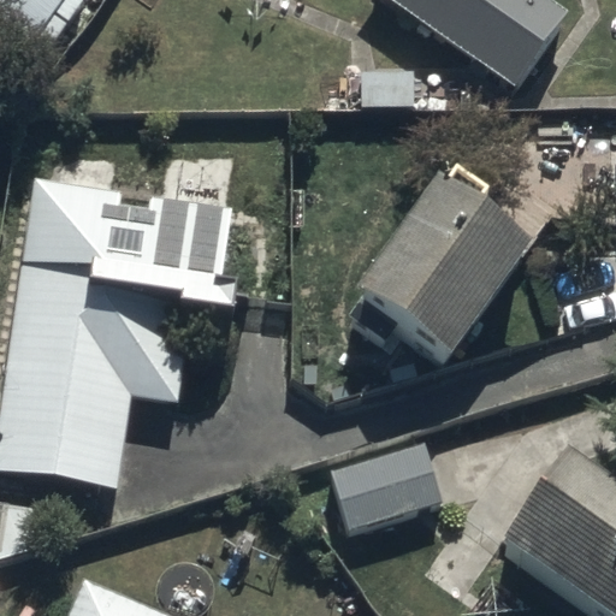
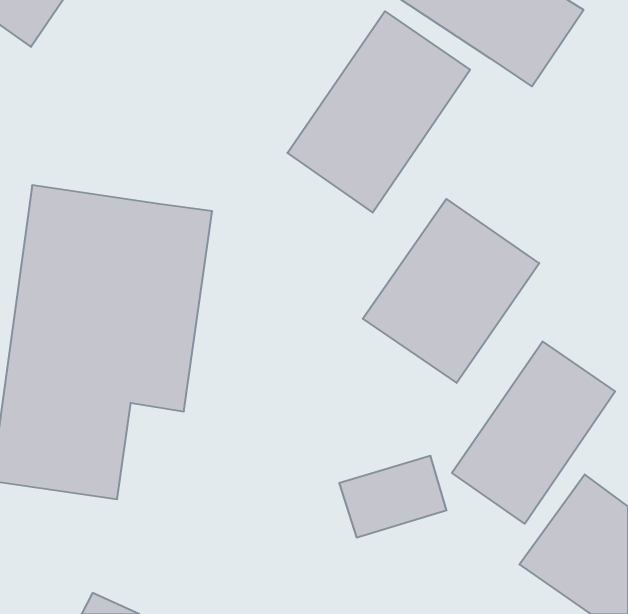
building: none -> [287,11,470,213]
building: none -> [452,341,615,524]

